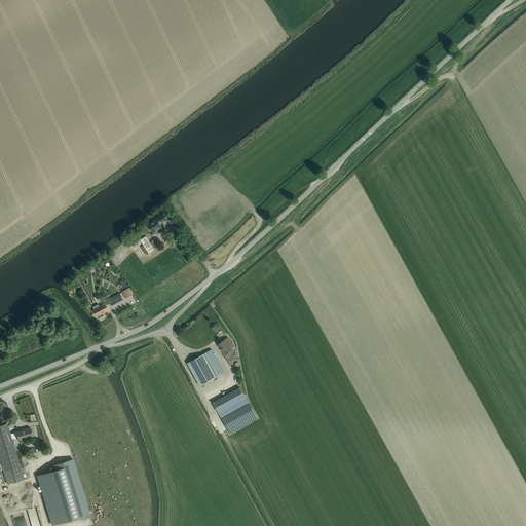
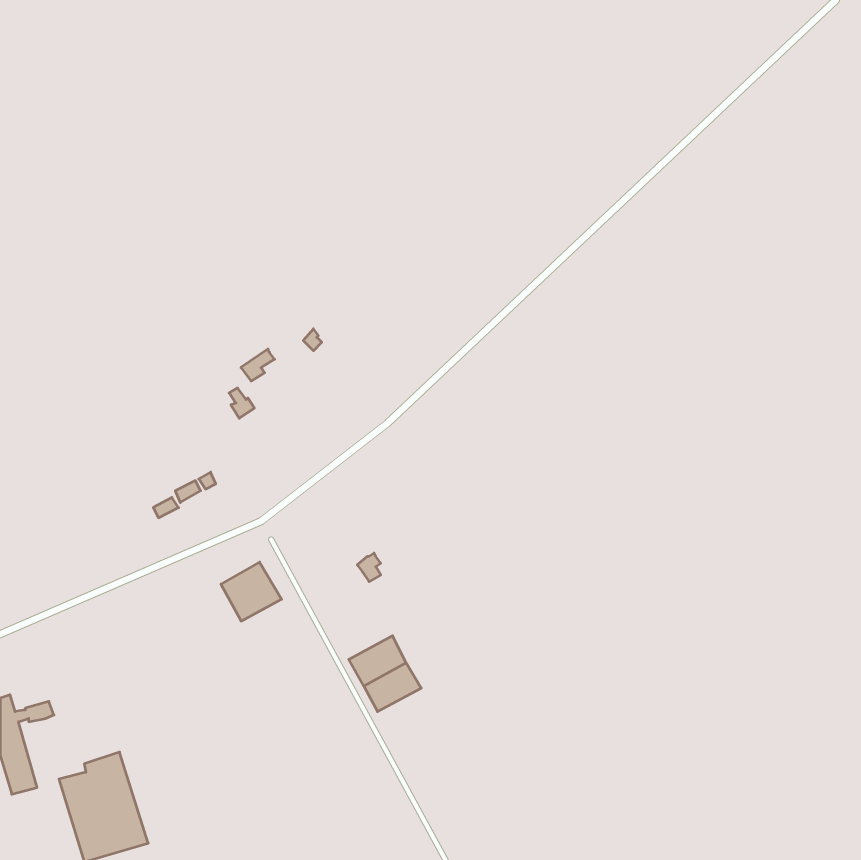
building: [187,350,224,386] -> [221,562,282,621]

